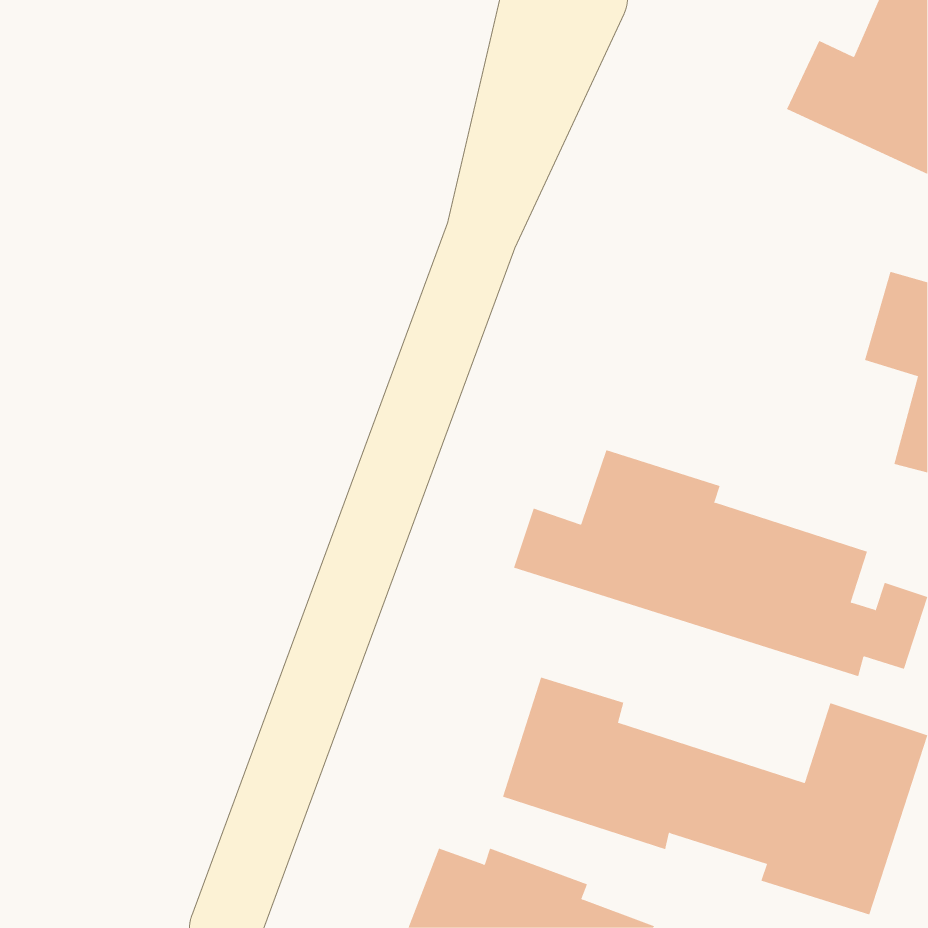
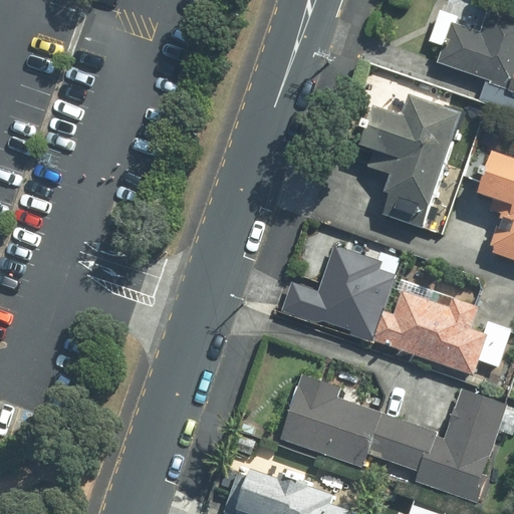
building: none -> [356,92,464,231]

